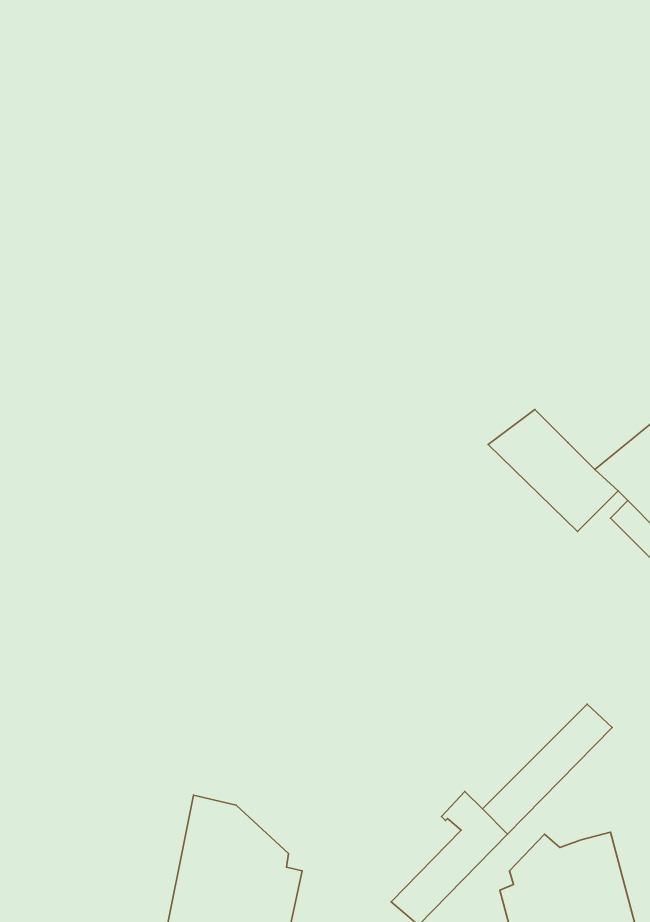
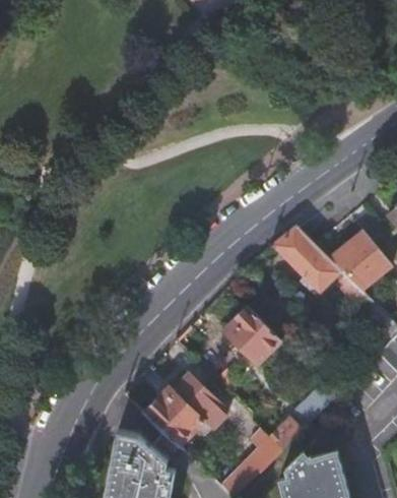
building: none -> [227,307,281,364]
building: none -> [145,374,227,445]

